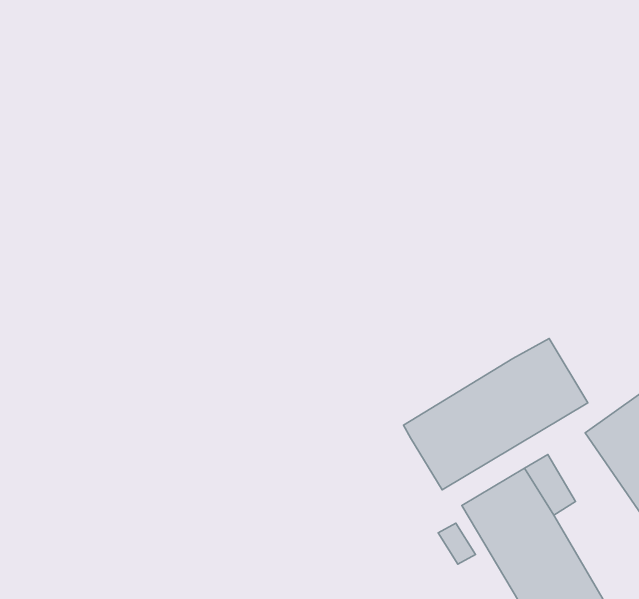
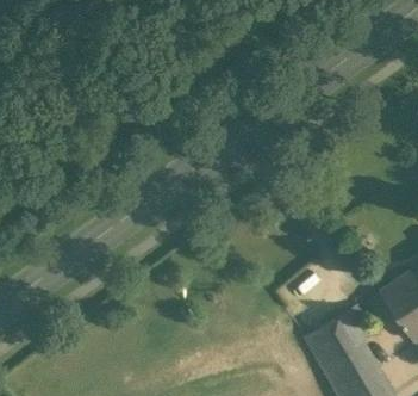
building: [404,338,588,490] -> none

